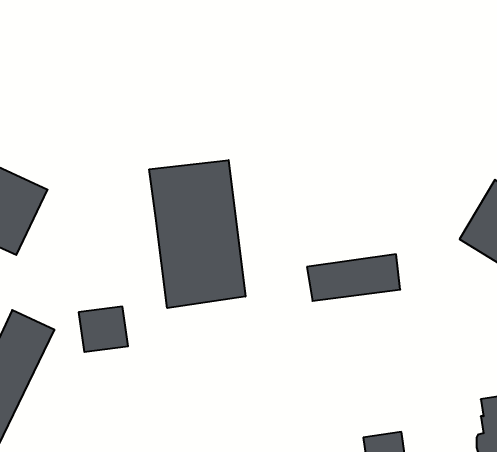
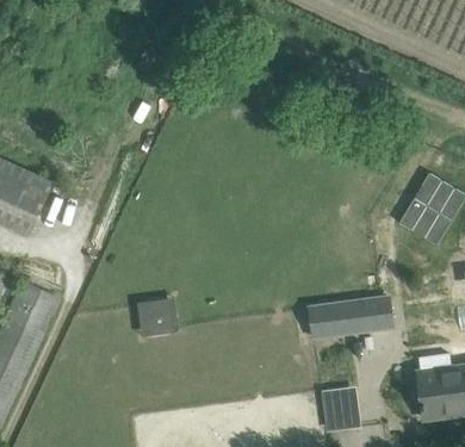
building: [149,160,245,308] -> none
building: [307,254,400,301] -> [311,297,390,336]
building: [79,307,128,352] -> [137,298,179,336]

